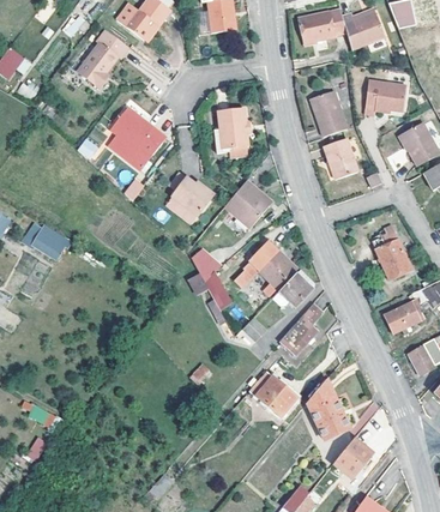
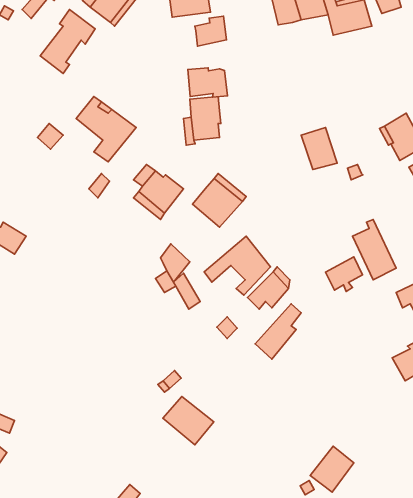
building: none -> [195,16,226,46]
building: none -> [188,68,228,97]
building: [363,84,408,120] -> none
building: [311,90,348,135] -> none
building: [385,300,420,332] -> [326,257,363,291]
building: [248,371,296,416] -> [163,396,214,445]
building: [306,378,349,439] -> none

